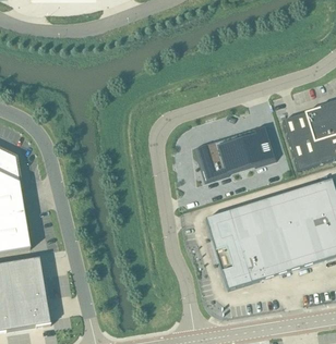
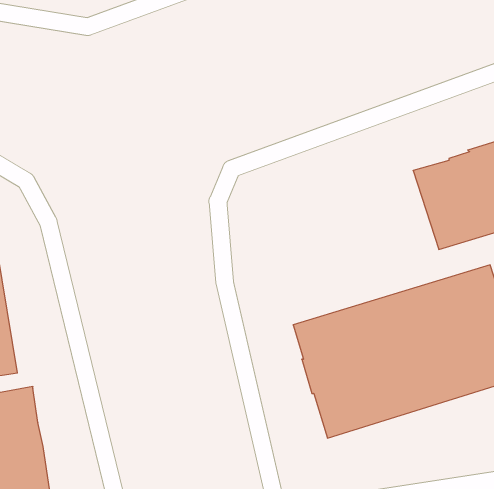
building: [194,123,278,181] -> none

